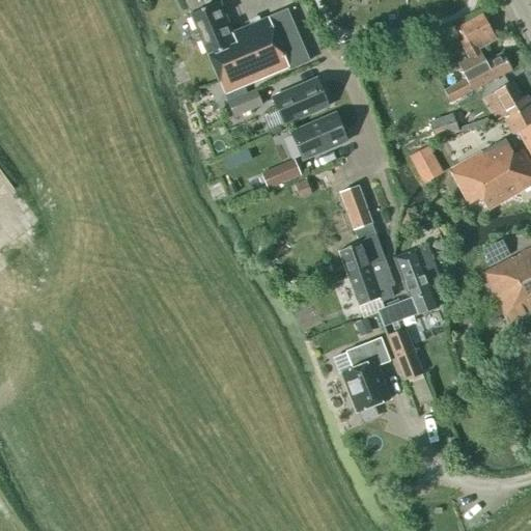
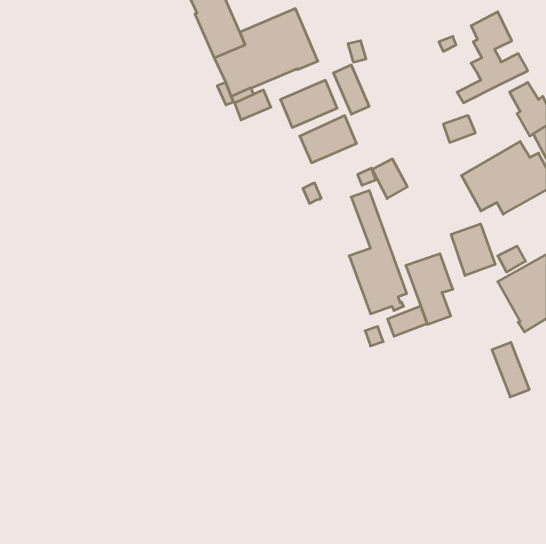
building: none -> [334,65,369,114]
building: [410,144,444,183] -> [372,159,407,199]
building: [261,158,301,188] -> none
building: none -> [451,224,495,276]
building: [387,327,423,380] -> [492,342,529,397]
building: [341,336,390,411] -> none

